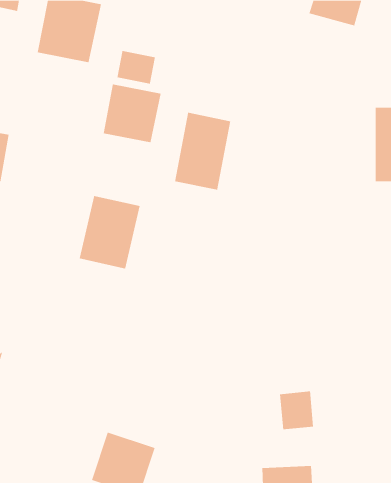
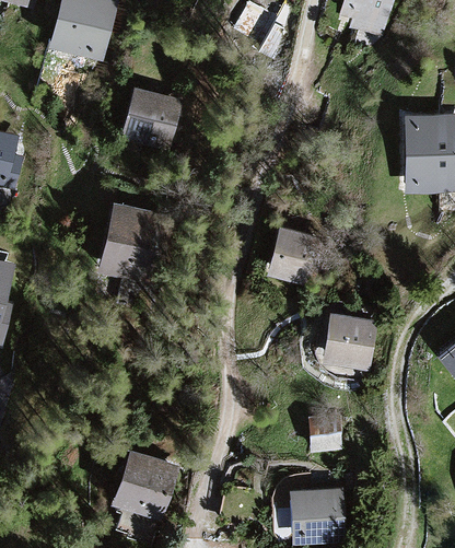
building: [117,50,155,84] -> none
building: [174,112,231,191] -> none
building: none -> [266,228,328,287]
building: none -> [322,315,373,372]

